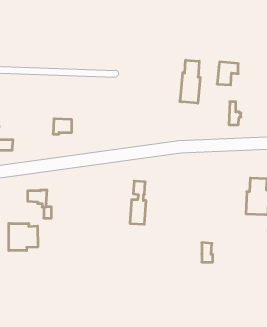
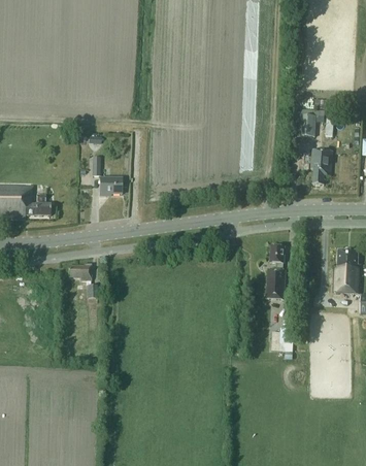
building: [180,60,200,103] -> none
building: [130,181,146,224] -> [266,246,286,299]
building: [9,223,38,251] -> none

